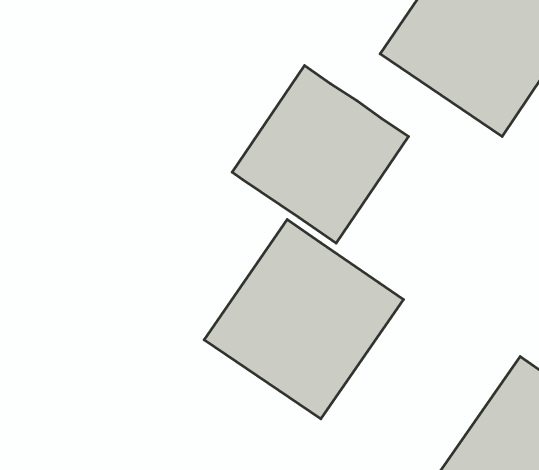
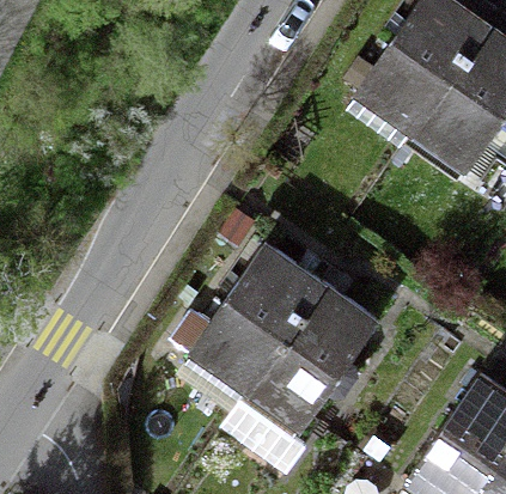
building: [232,66,409,243] -> none

